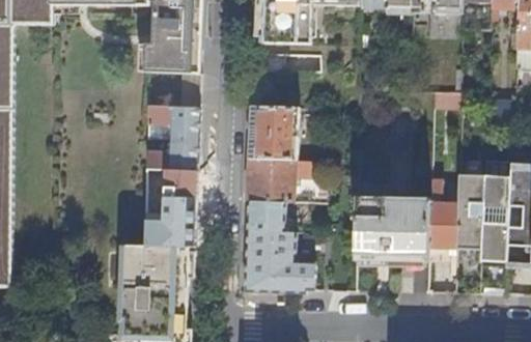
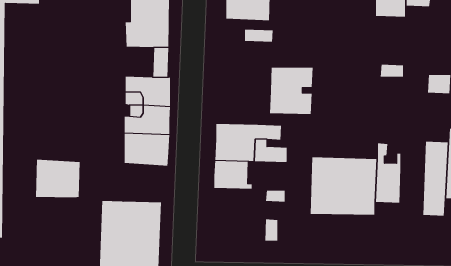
building: [248,107,298,160] -> [269,67,313,114]
building: [454,177,483,261] -> none
building: [144,203,195,247] -> [35,159,80,198]
building: [244,231,296,291] -> none

